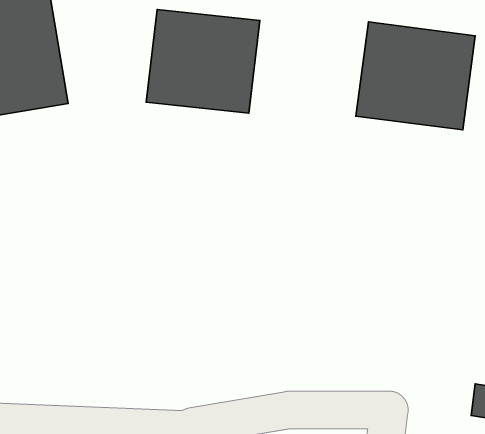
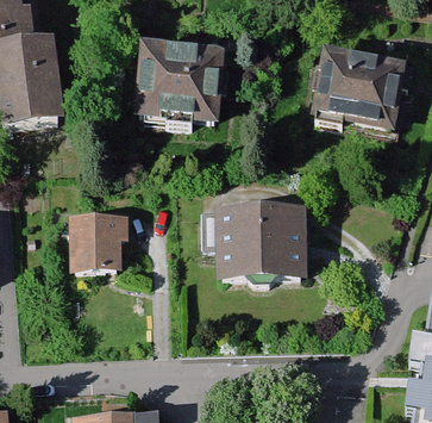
building: none -> [69,212,127,275]
building: none -> [212,217,308,296]

